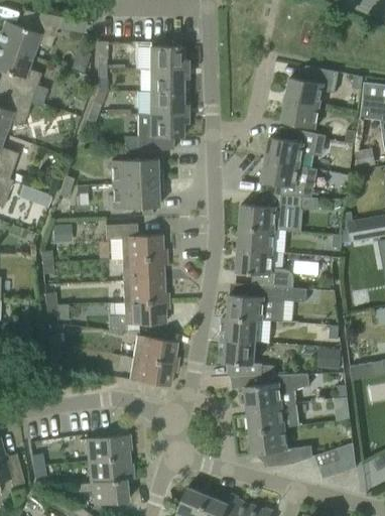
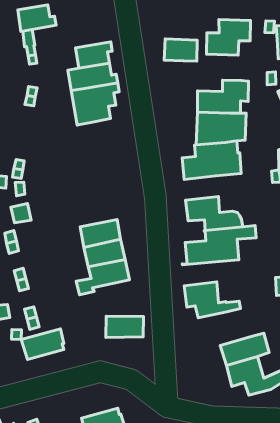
building: [149,46,187,70] -> [18,5,56,31]
building: [281,100,319,129] -> [164,39,197,61]
building: [112,151,163,216] -> none
building: [105,224,162,260] -> none
building: [238,228,274,252] -> none
building: [221,317,262,342] -> none
building: [133,336,176,365] -> none
building: [231,374,309,409] -> none
building: [86,434,130,461] -> [21,329,64,359]

